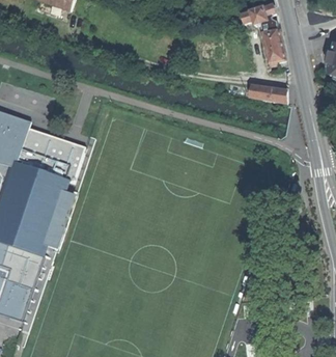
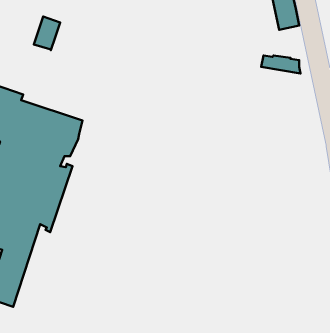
building: none -> [34,17,60,50]

